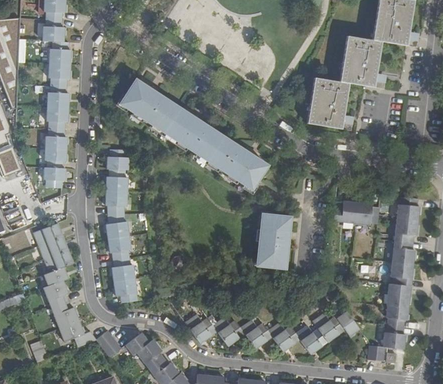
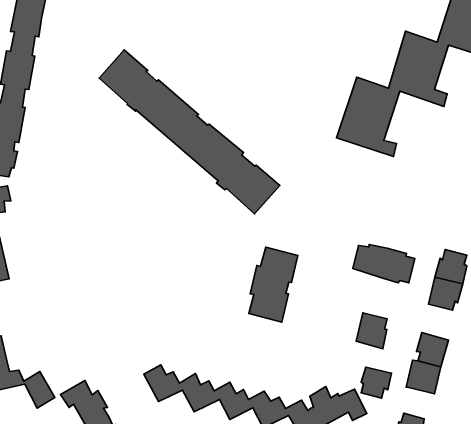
building: [106,147,137,300] -> none
building: [391,238,413,263] -> [356,313,387,349]
building: [385,303,407,325] -> [361,367,391,398]

